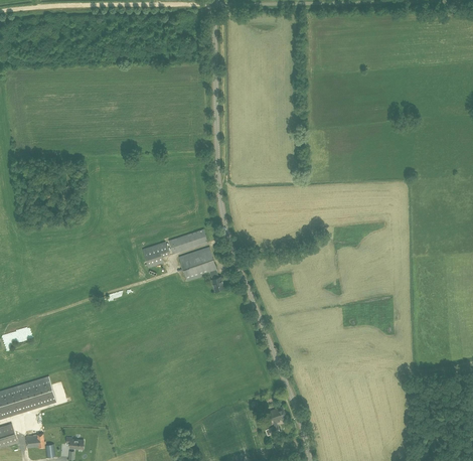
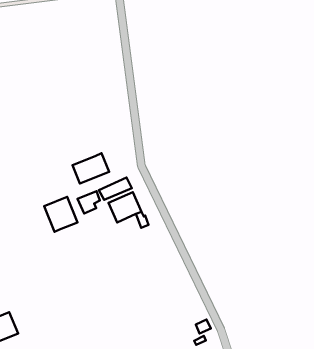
building: none -> [72,153,109,184]
building: none -> [44,197,77,232]

